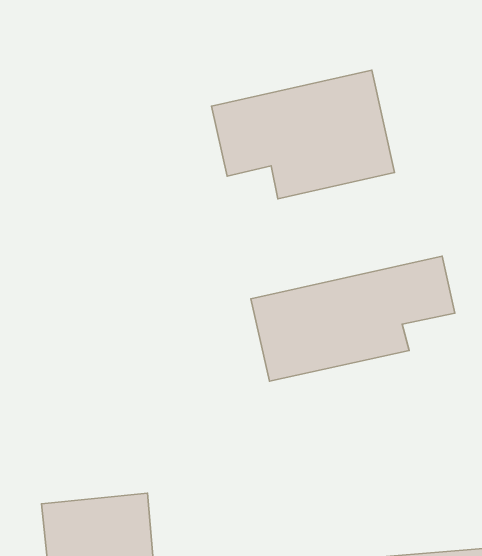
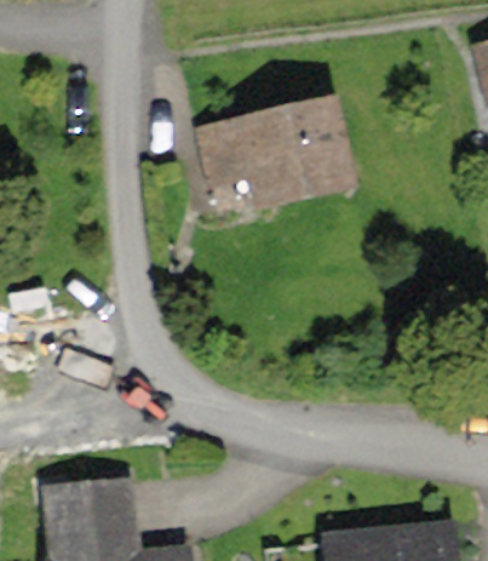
building: [251,256,455,381] -> none

